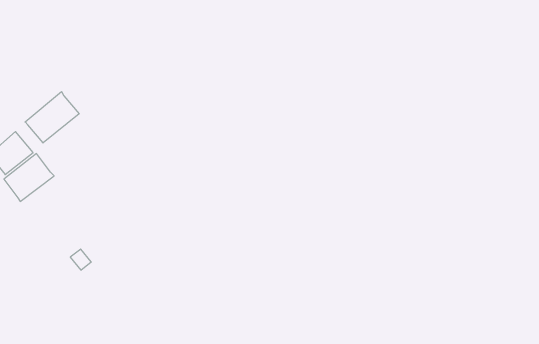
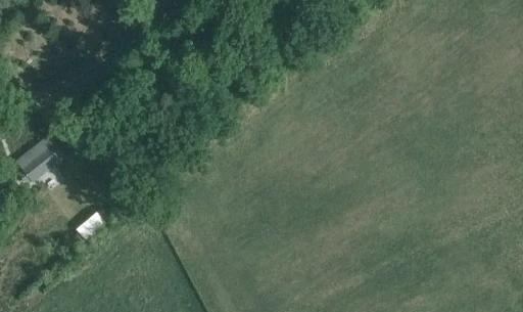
building: [25,92,79,143] -> none

